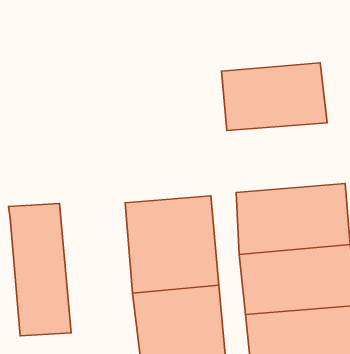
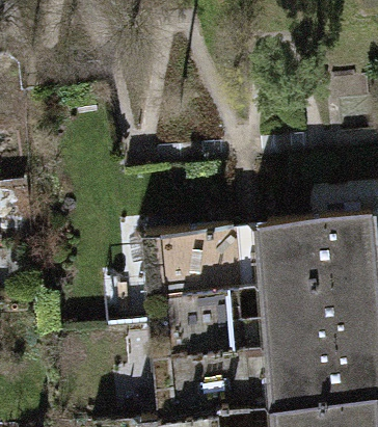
building: [222,63,327,130] -> none
building: [9,203,71,336] -> none

